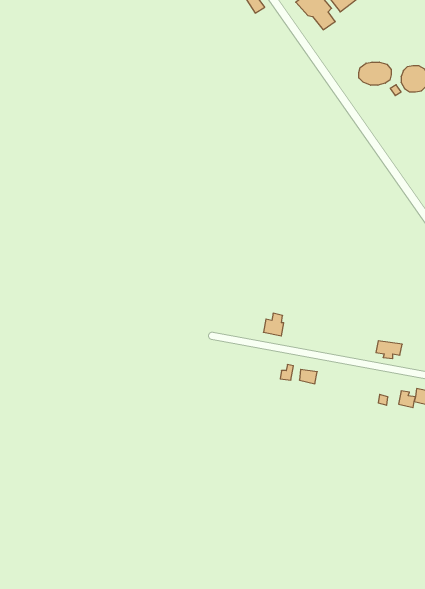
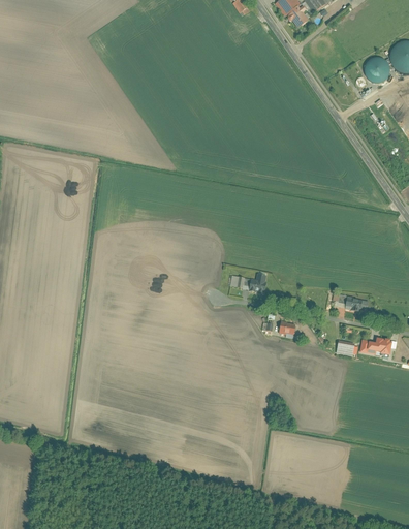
building: [359,62,391,85] -> none

